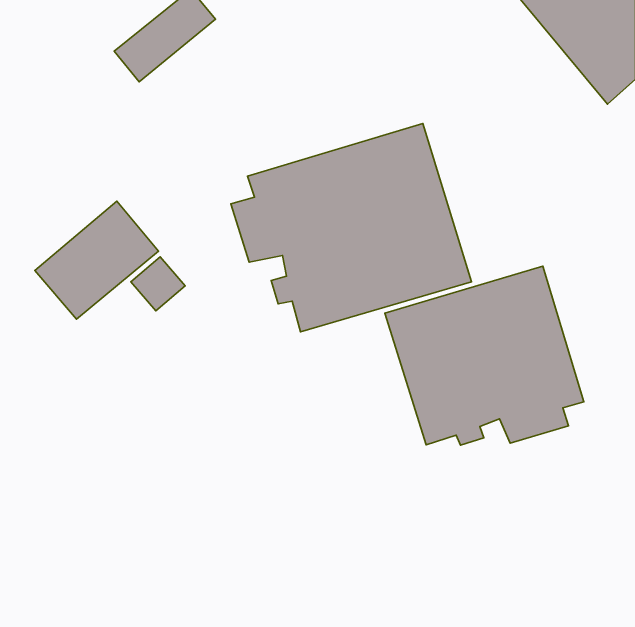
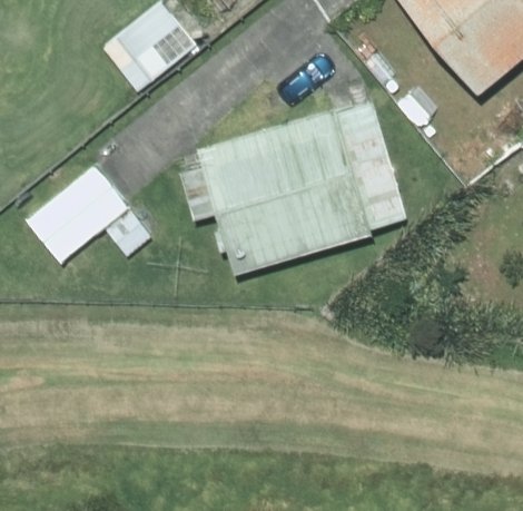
building: [385,266,584,445] -> none

